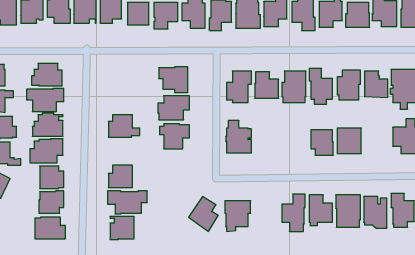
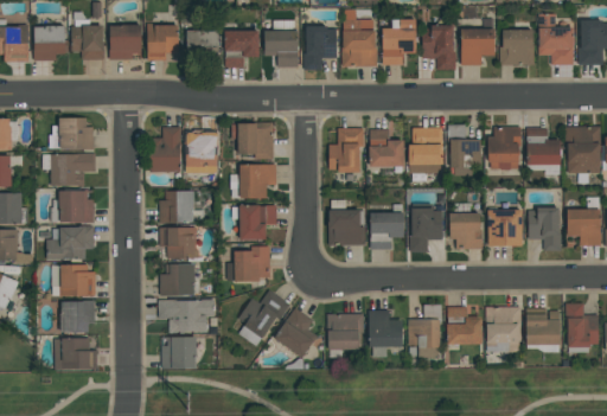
building: none -> [149,127,183,172]
building: none -> [187,130,219,173]
building: none -> [370,204,404,249]
building: none -> [410,207,443,252]
building: none -> [529,207,562,250]
building: none -> [160,228,199,258]
building: none -> [228,247,270,281]
building: none -> [238,289,292,346]
building: none -> [370,311,403,357]

